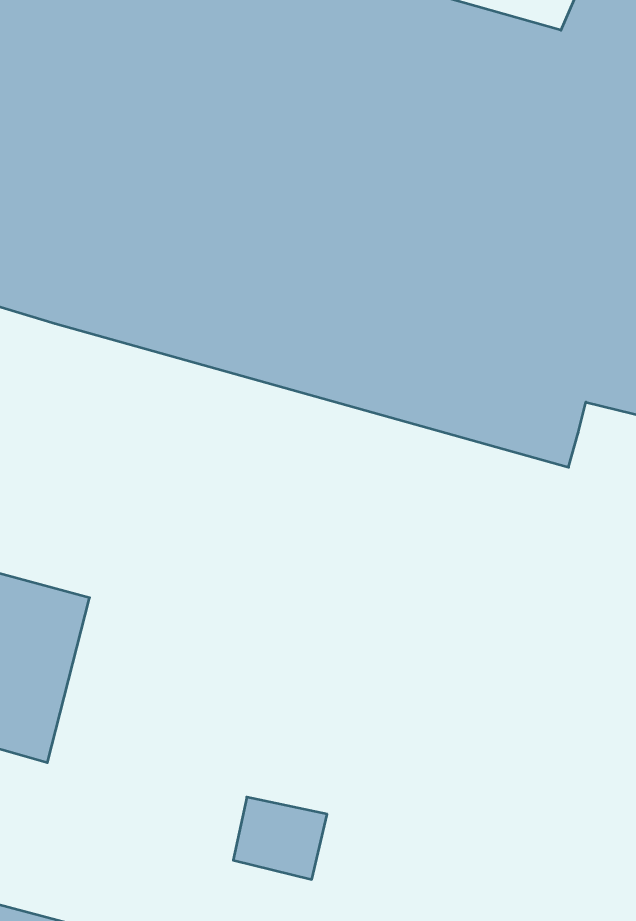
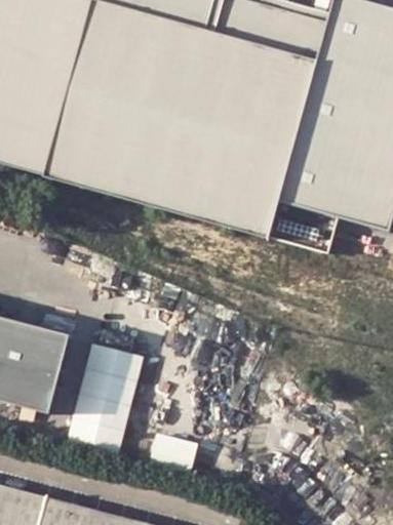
building: none -> [64,341,145,457]

